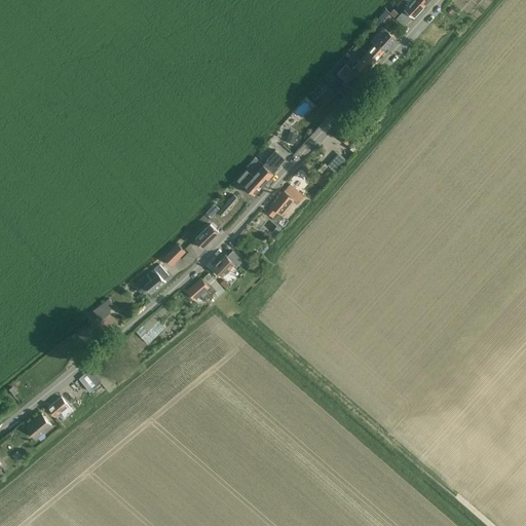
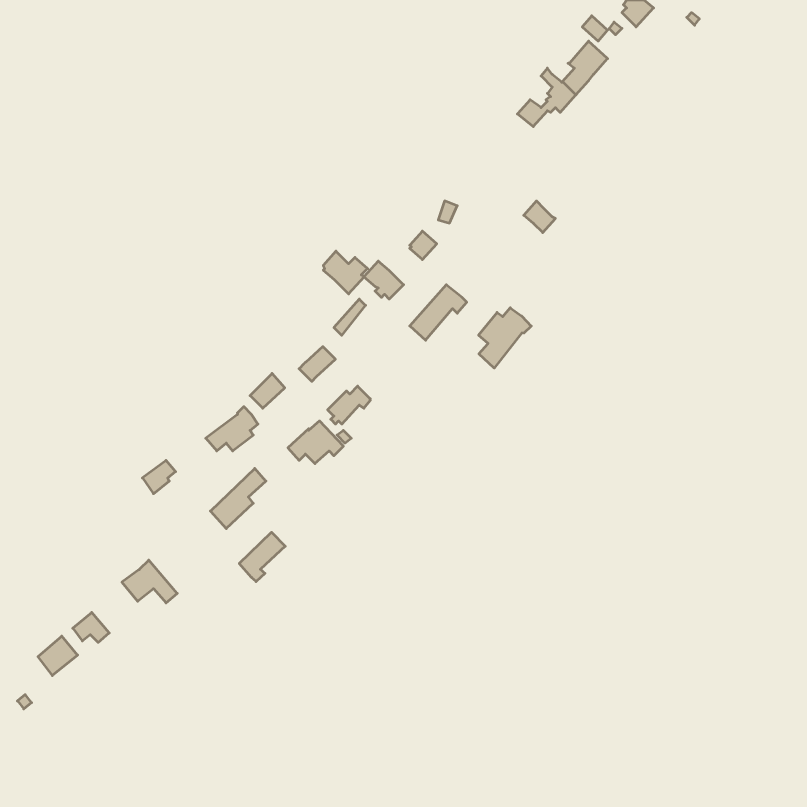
building: [246,158,274,186] -> [323,251,368,294]
building: none -> [479,308,531,368]
building: none -> [239,532,285,582]

